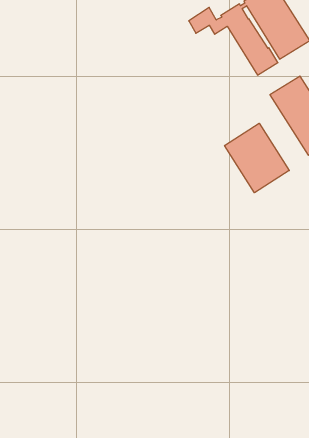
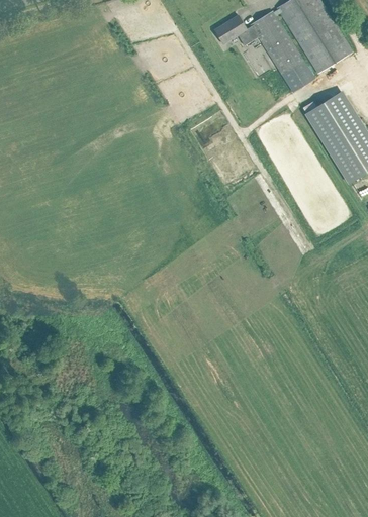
building: [225,123,289,193] -> none

